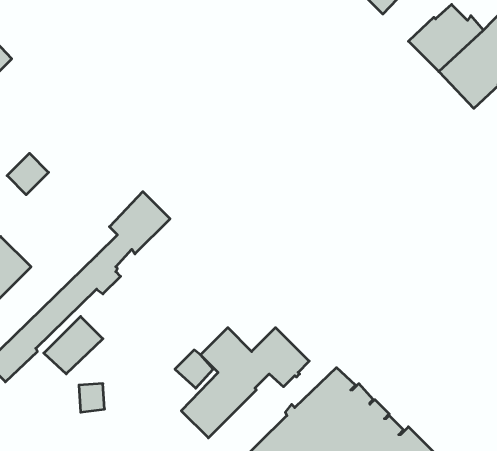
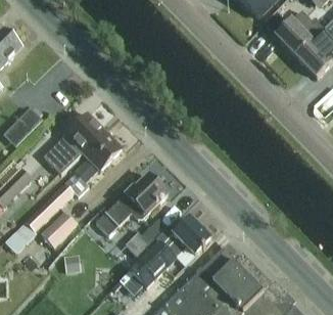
building: none -> [44,112,104,172]
building: none -> [95,174,166,235]

